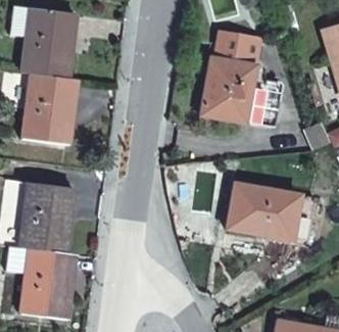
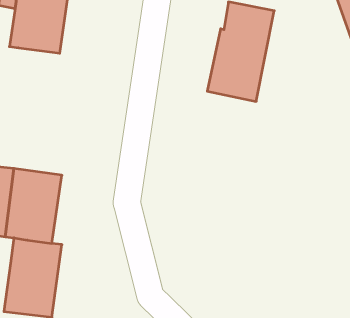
building: [21,74,75,143] -> none
building: [228,184,318,245] -> none

